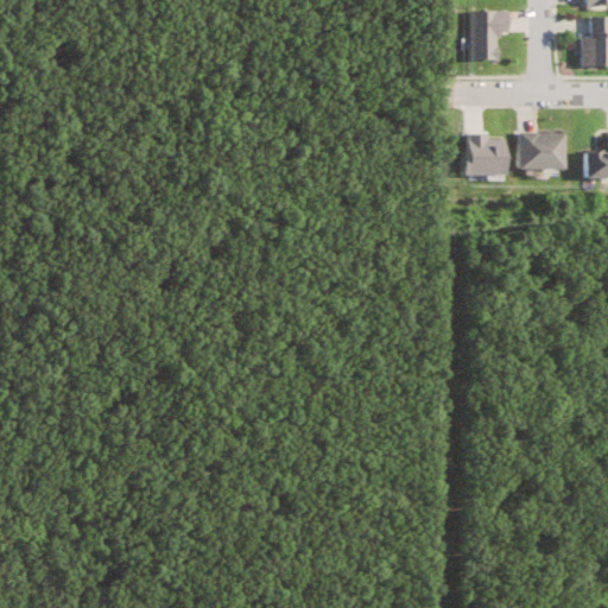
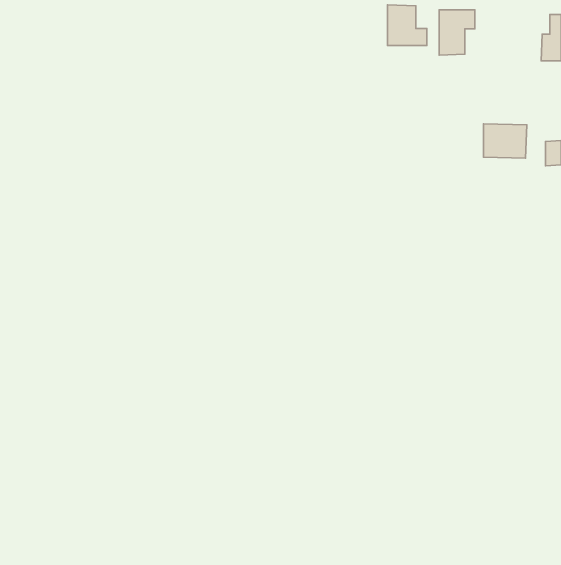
building: none -> [388,5,427,45]
building: [463,133,506,176] -> none

